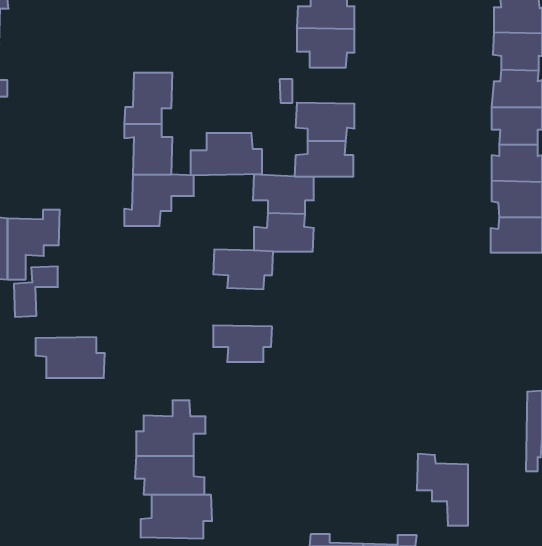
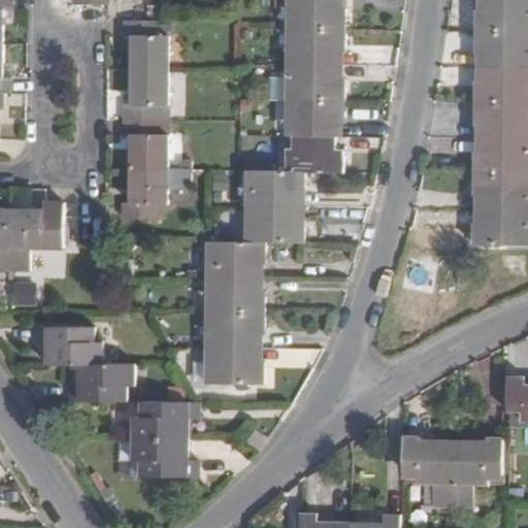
building: none -> [121,20,166,70]
building: none -> [286,65,341,100]
building: [191,133,262,175] -> none
building: none -> [205,277,262,315]
building: none -> [205,349,262,384]
building: none -> [65,364,134,401]
building: none -> [451,439,503,507]
building: [141,495,212,539] -> none

